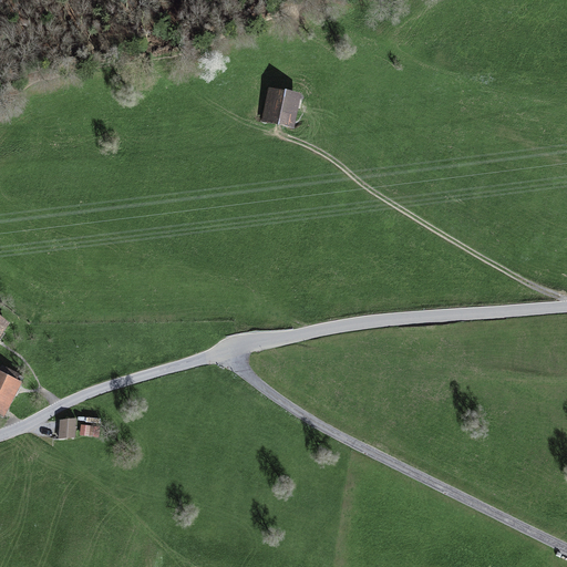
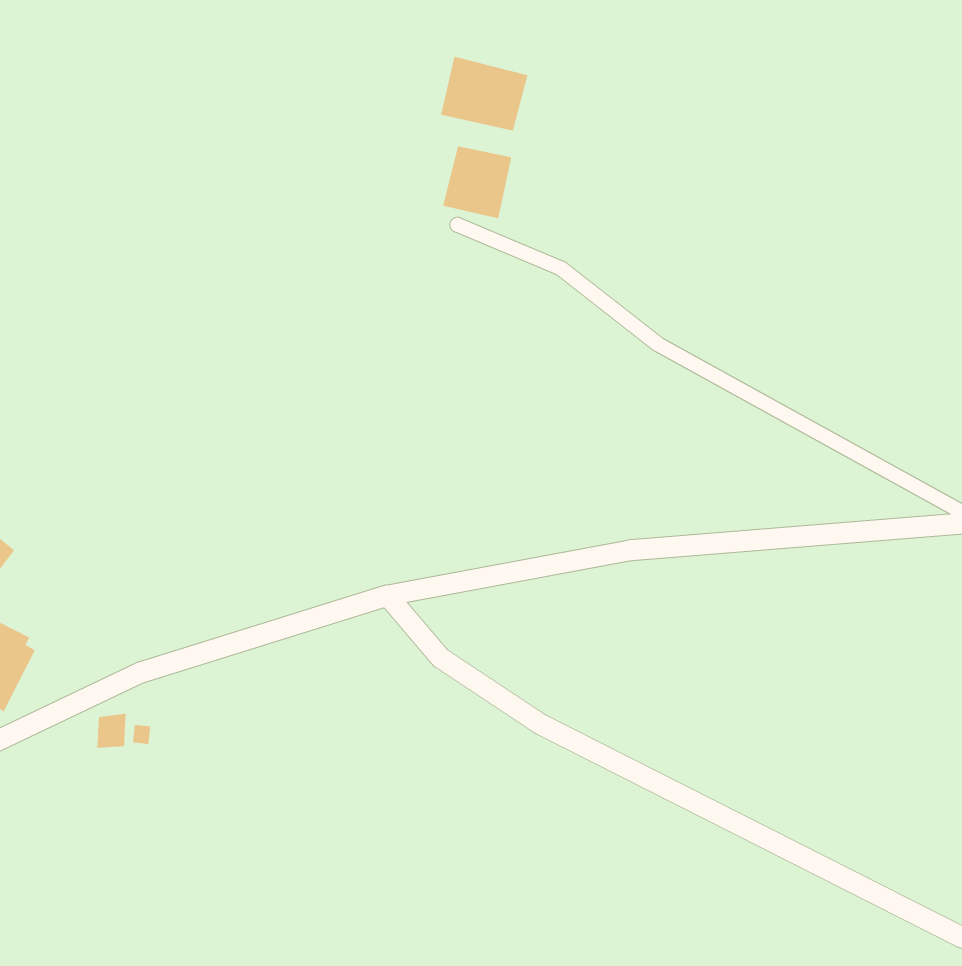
building: none -> [440,56,529,131]

